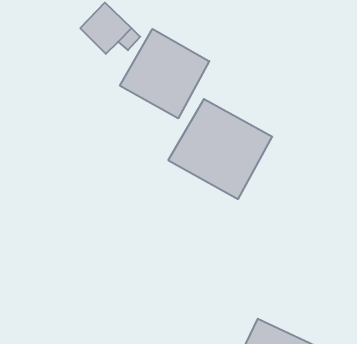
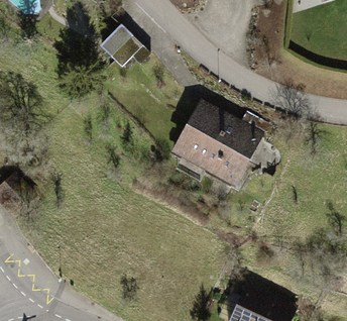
building: [120,29,209,118] -> none

